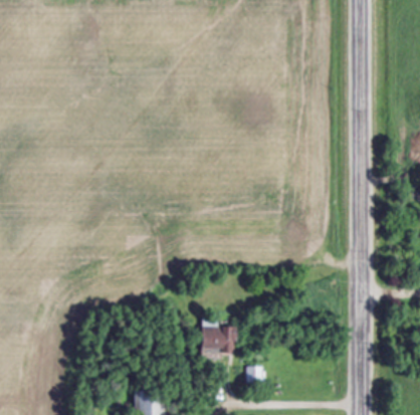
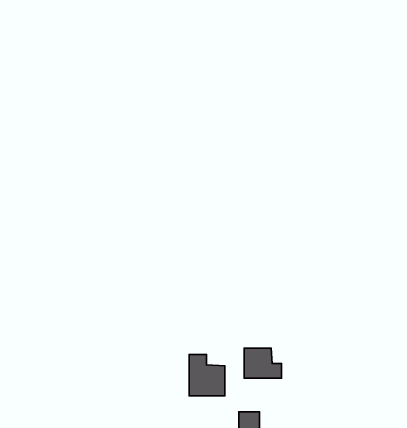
building: none -> [244,348,281,378]

